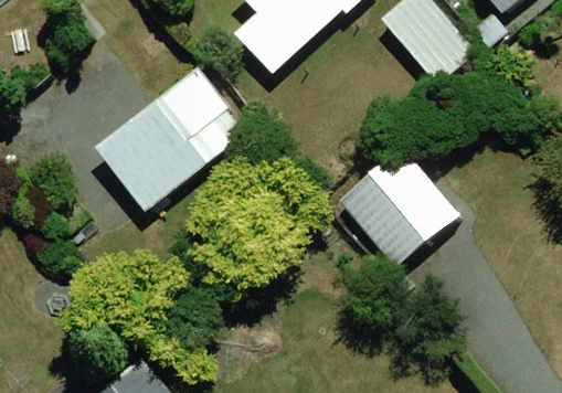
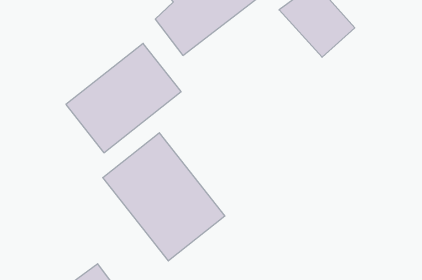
building: [331,139,460,268] -> none
building: none -> [103,133,225,261]

